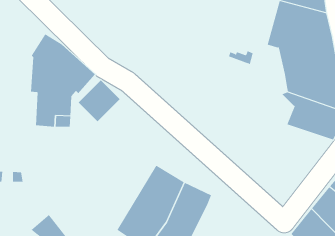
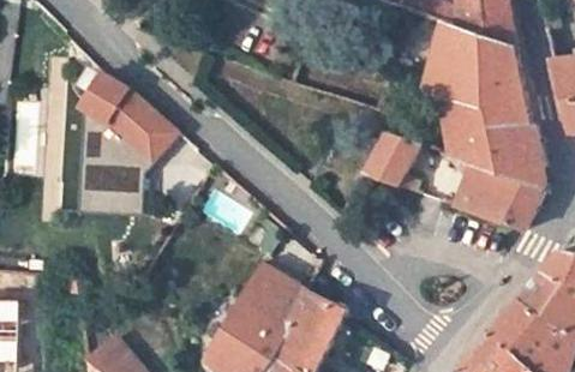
building: none -> [363,131,420,185]

